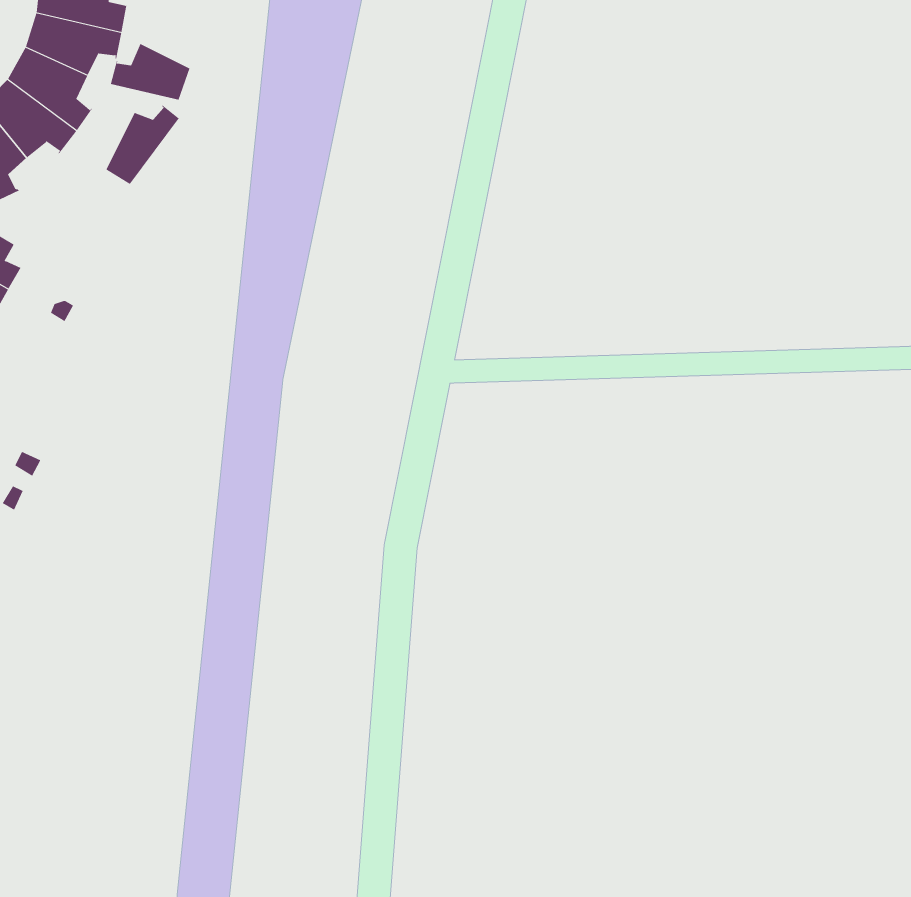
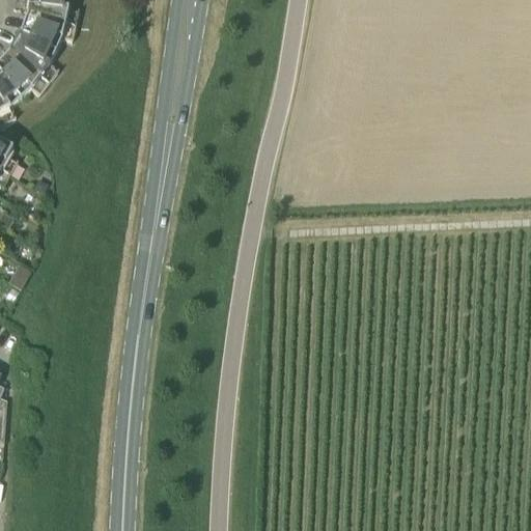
building: [110,43,190,100] -> none
building: [106,104,180,185] -> none

